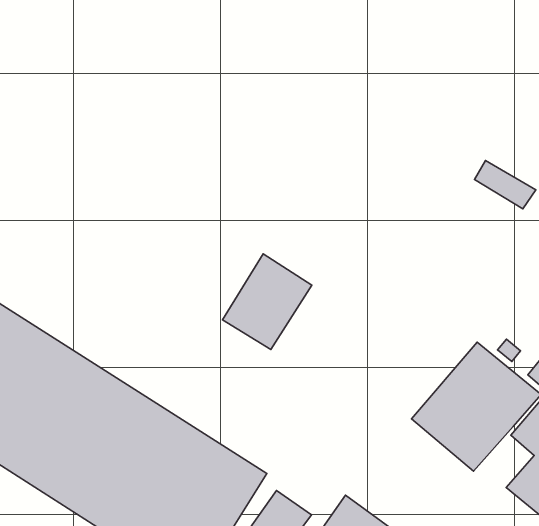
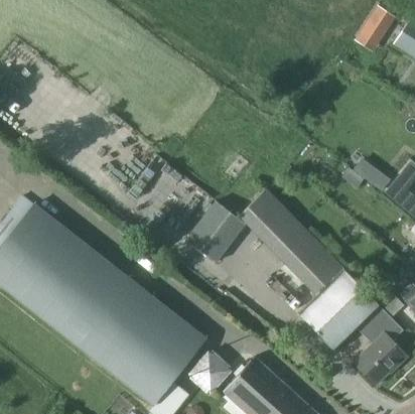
building: none -> [240,189,342,294]

